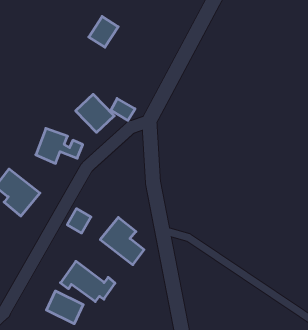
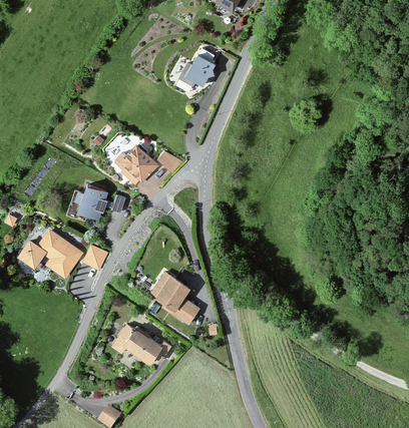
building: [89,16,118,47] -> [184,53,216,86]
building: [67,209,91,233] -> [81,244,106,270]
building: [46,291,83,324] -> none

